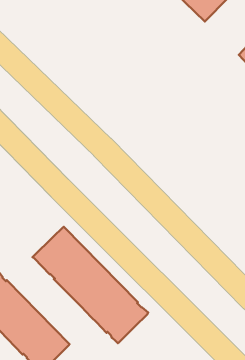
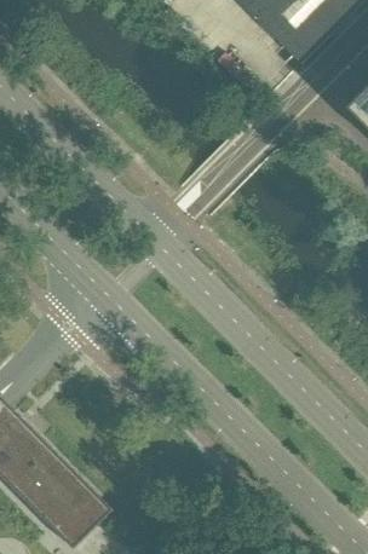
building: [32,227,148,343] -> none

